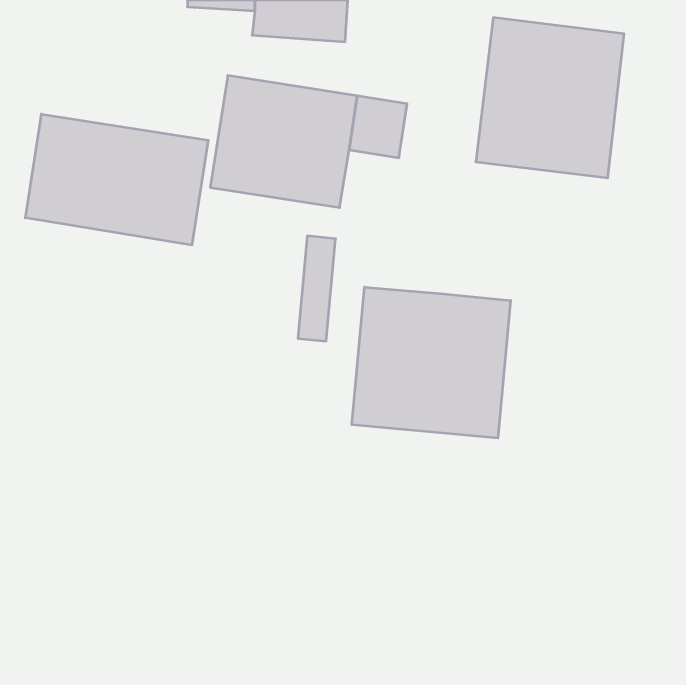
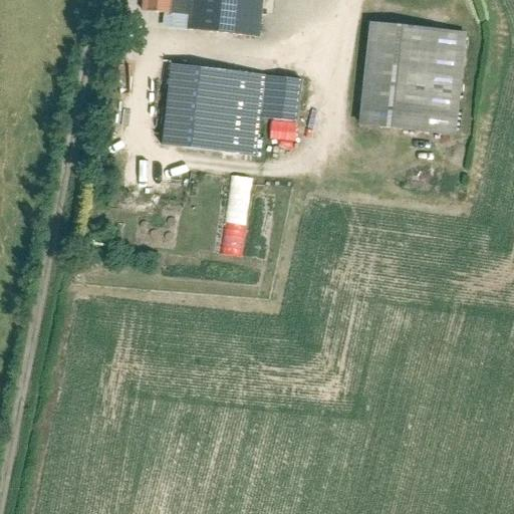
building: [25,114,208,245] -> none
building: [352,287,511,438] -> none

